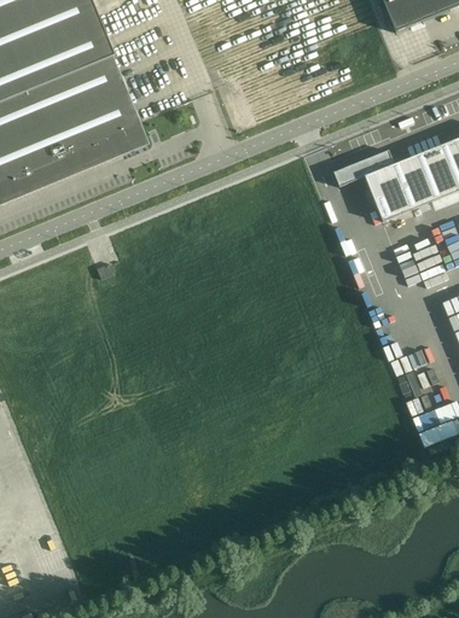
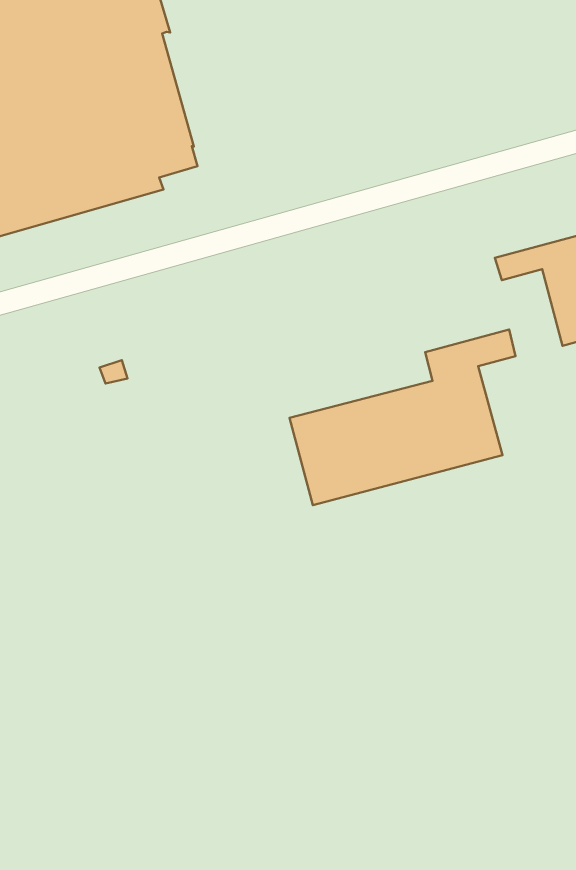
building: none -> [290,330,515,505]

